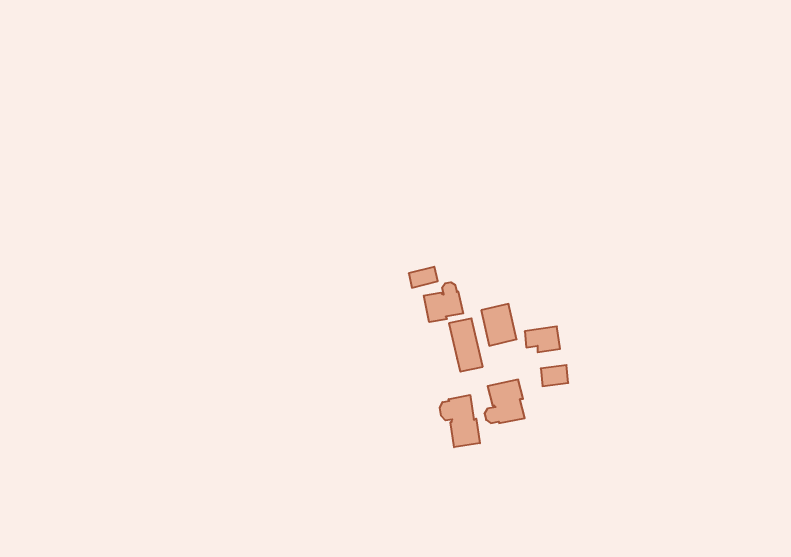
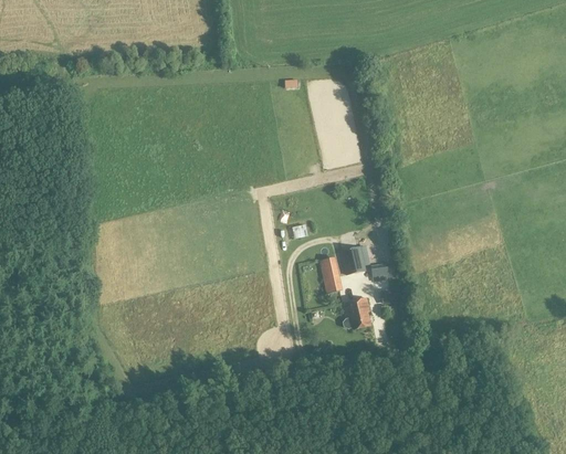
building: [424,282,463,322] -> none
building: [440,395,480,447] -> none

